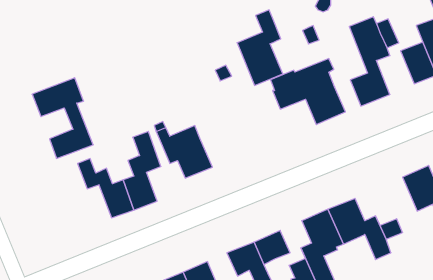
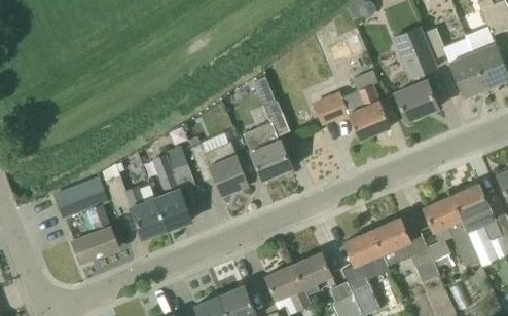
building: [237,10,283,85] -> [243,101,291,181]
building: [32,78,93,158] -> [53,177,118,263]
building: none -> [423,196,478,266]

